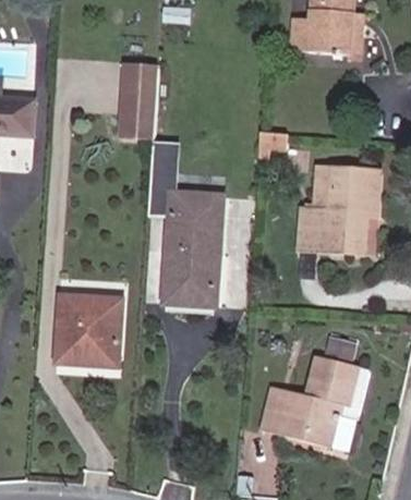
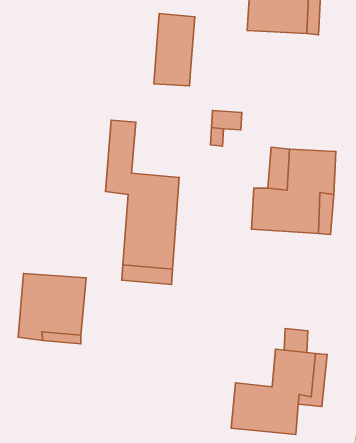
building: [116,62,157,135] -> [154,14,195,86]

